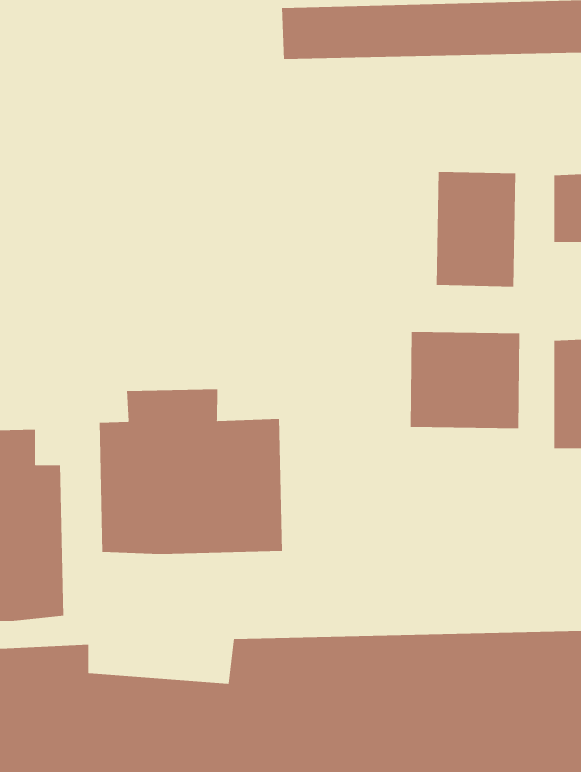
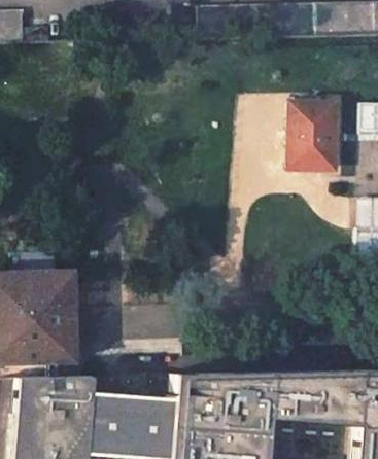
building: [410,331,520,429] -> none
building: [99,388,283,555] -> none

